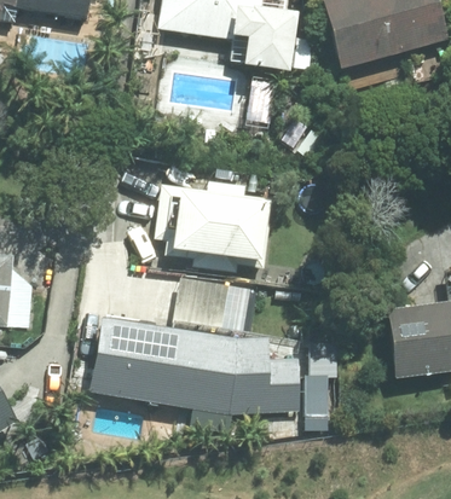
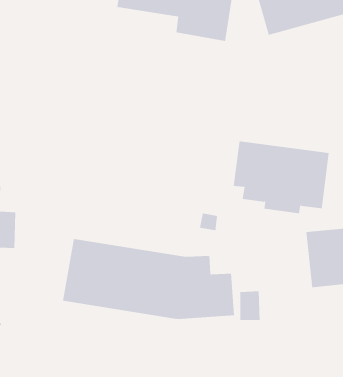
building: [157,182,276,272] -> [233,141,330,214]

